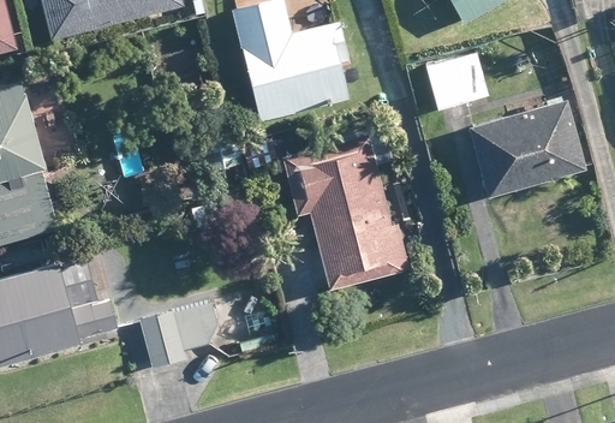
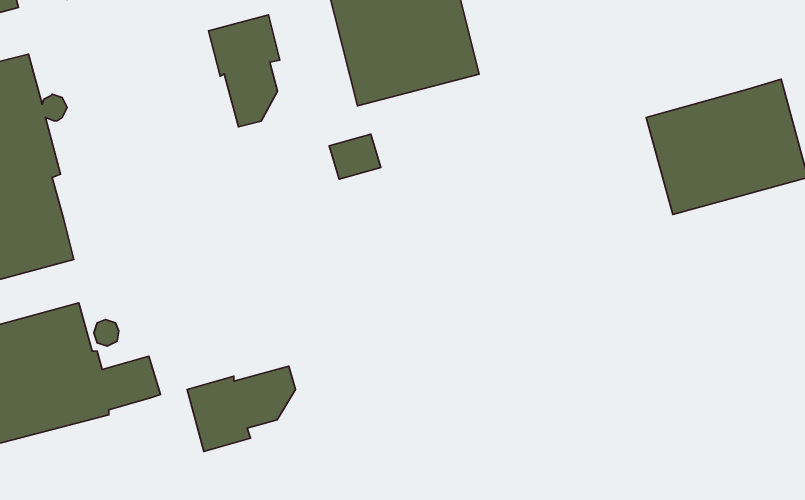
building: none -> [209,15,280,127]
building: [425,53,488,111] -> none
building: [283,125,407,288] -> none

